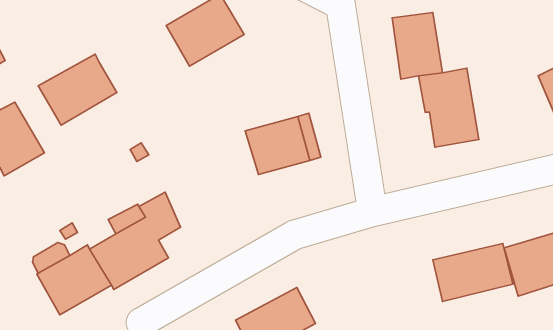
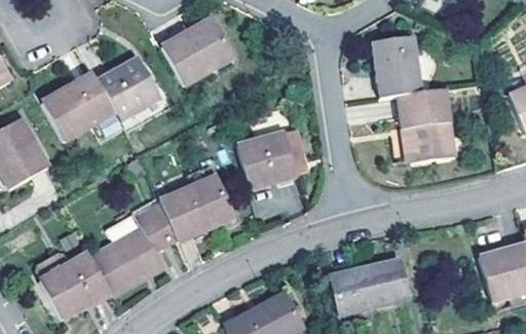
building: none -> [100,59,167,132]
building: none -> [160,176,234,240]
building: [433,244,513,302] -> [332,259,407,313]

